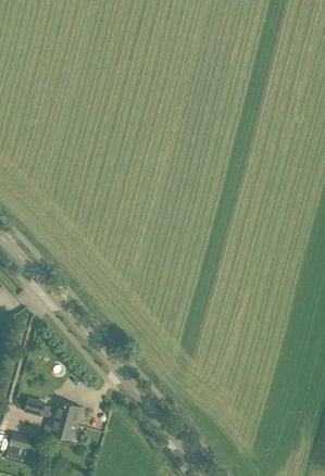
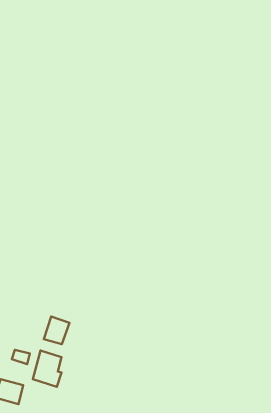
building: none -> [44,316,69,344]

